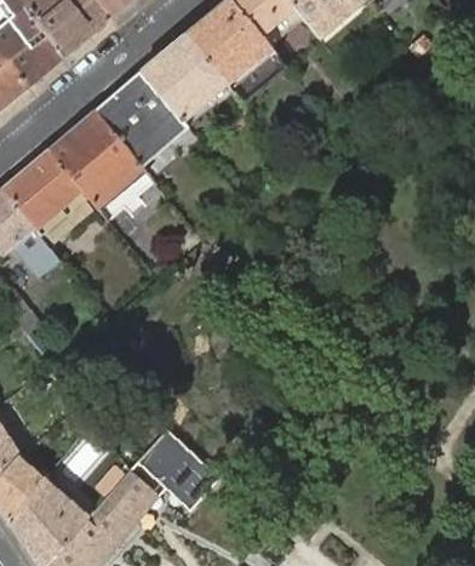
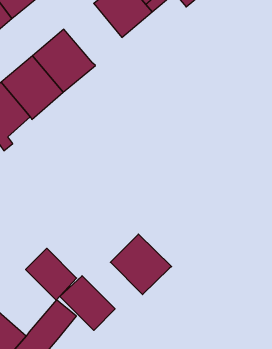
building: [142,34,228,121] -> none
building: none -> [110,234,172,295]
building: none -> [26,248,77,300]

